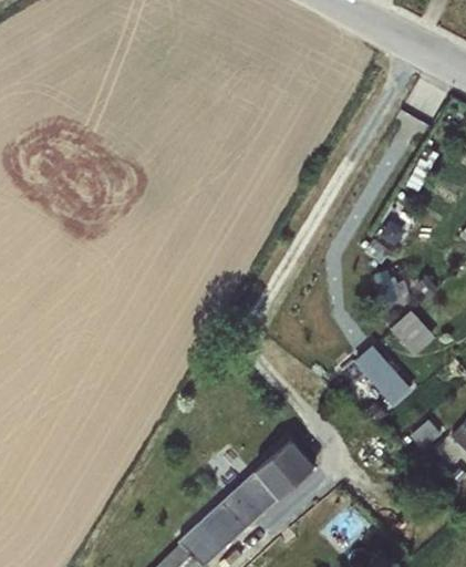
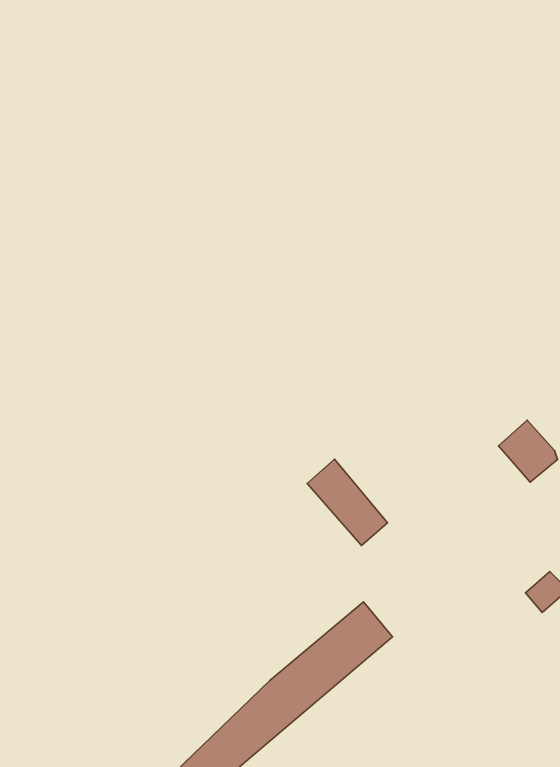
building: [353,344,412,408] -> [307,459,387,546]

